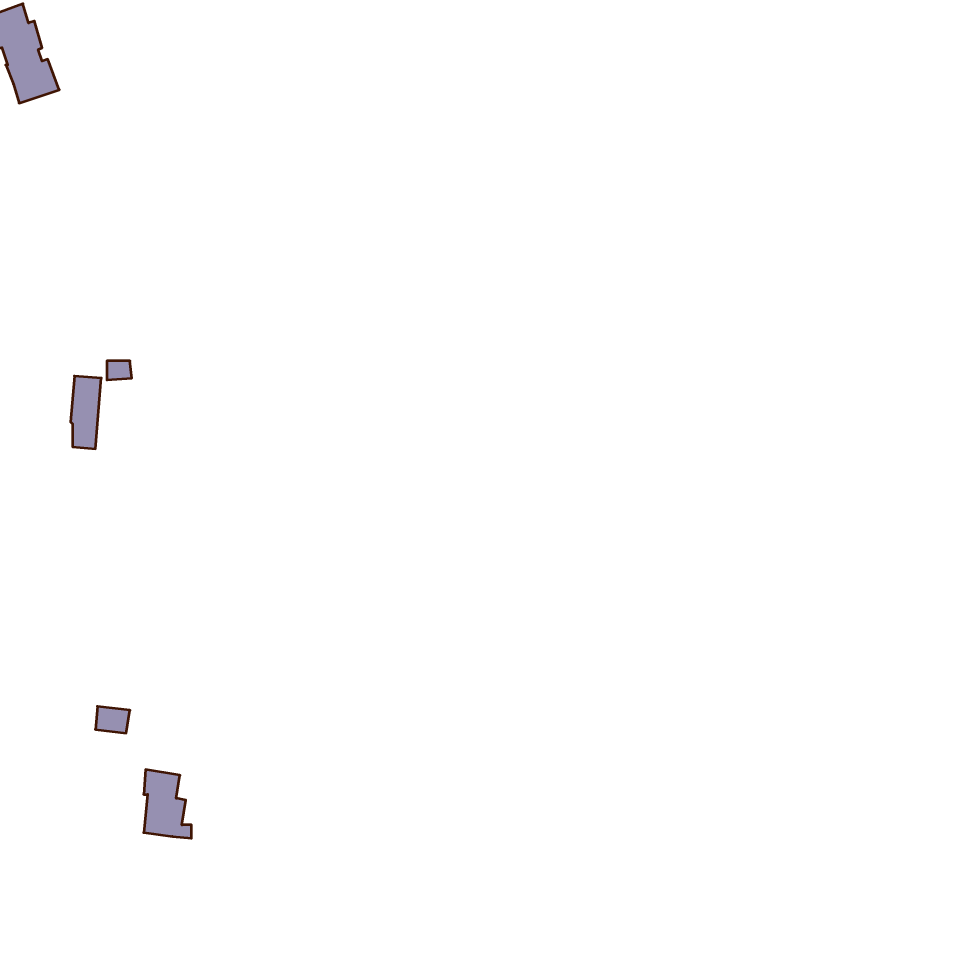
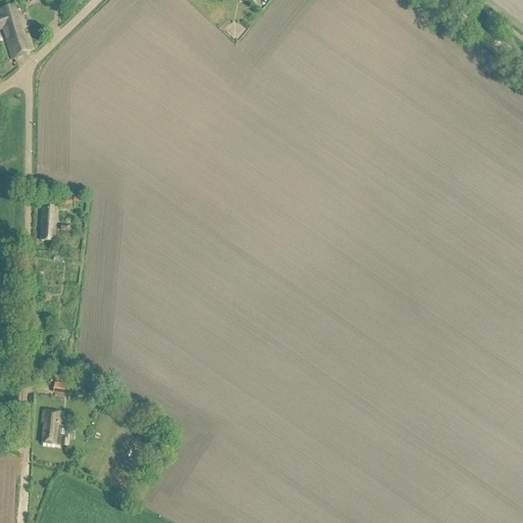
building: [144,770,191,838] -> [41,408,66,444]

